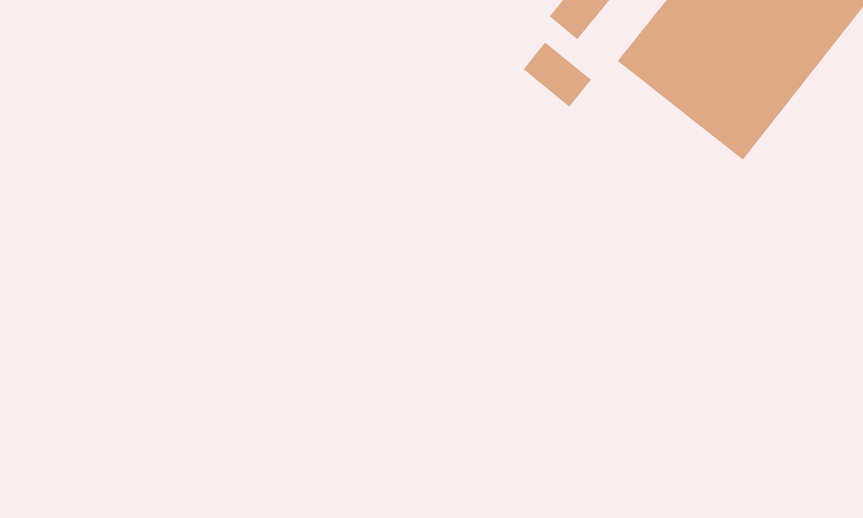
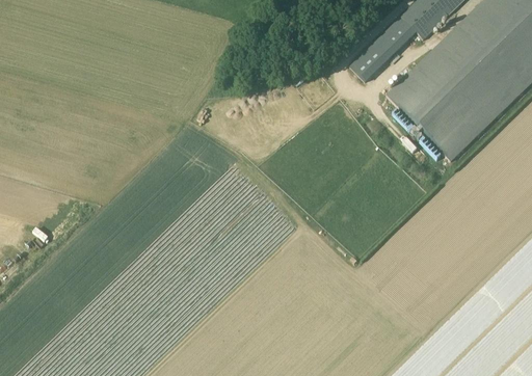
building: [523,42,592,108] -> none

